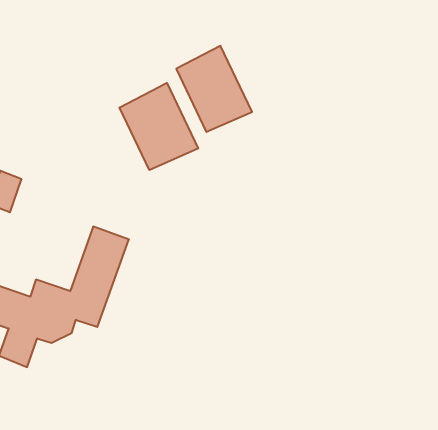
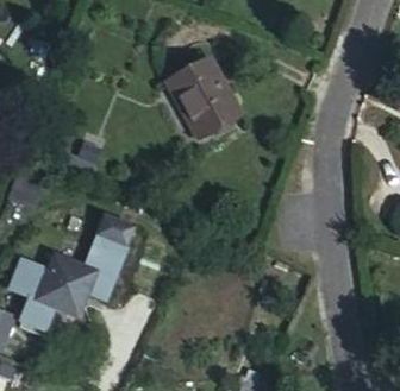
building: [120,83,198,170] -> none

